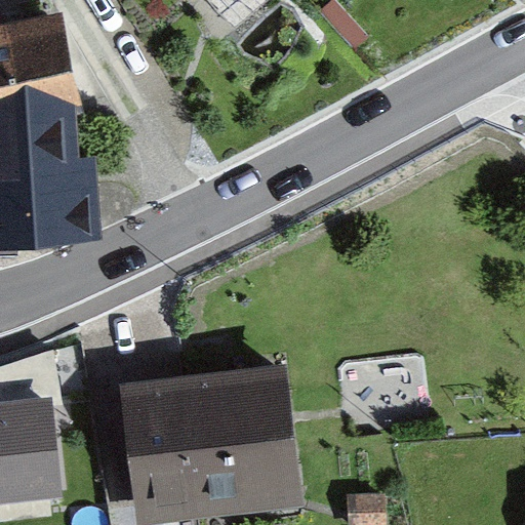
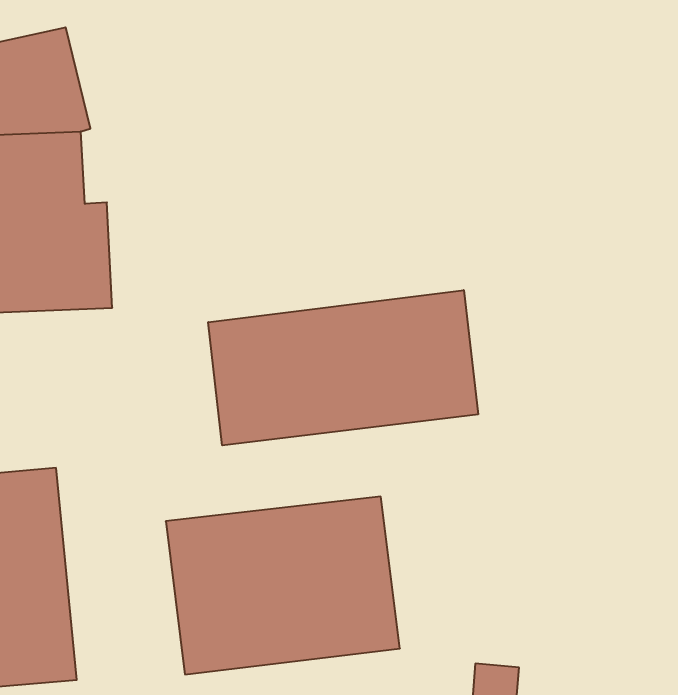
building: none -> [208,290,478,445]

